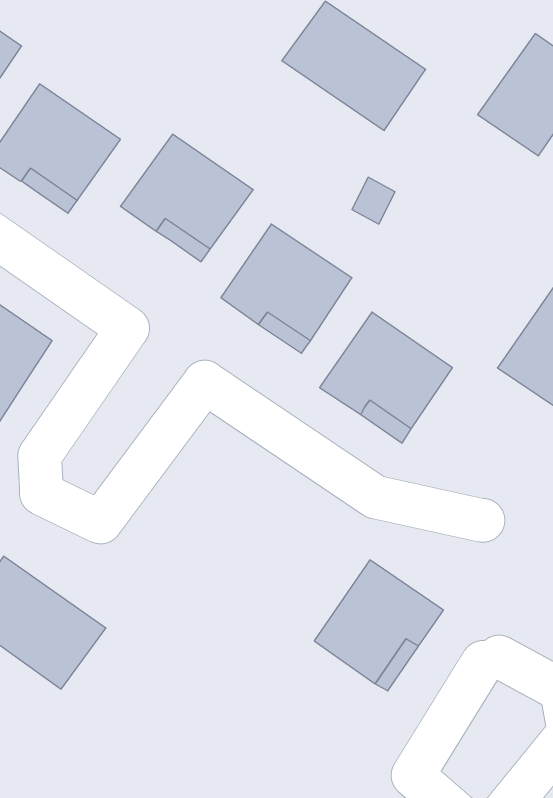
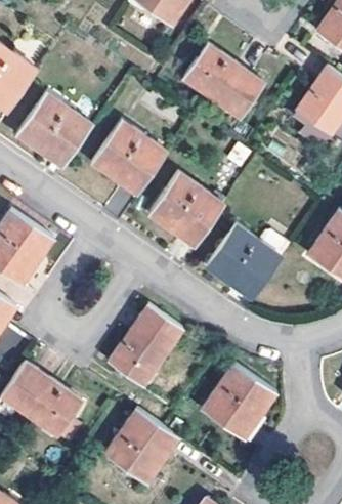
building: none -> [110,304,183,385]
building: none -> [104,409,178,484]

